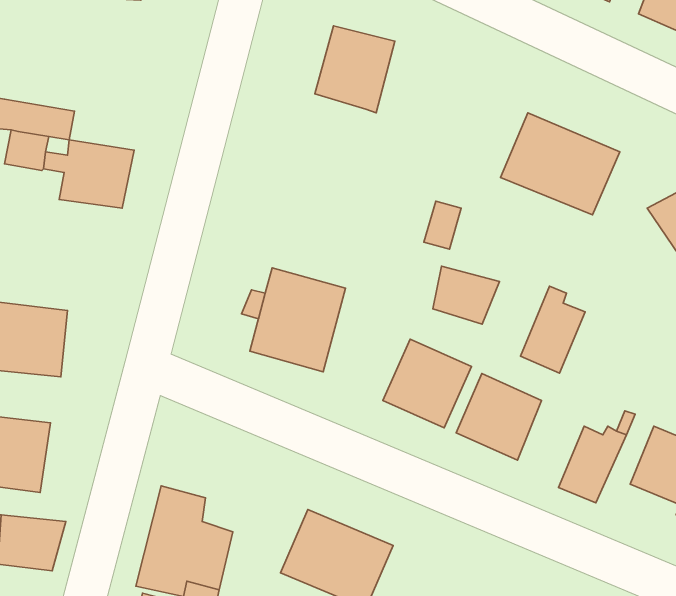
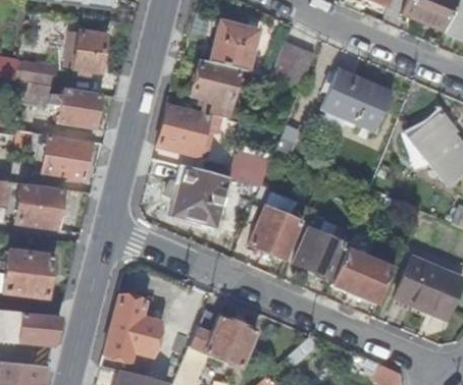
building: none -> [73,32,108,73]
building: none -> [270,43,315,87]
building: none -> [192,58,241,108]
building: none -> [158,102,209,154]
building: none -> [31,132,90,183]
building: [433,266,499,324] -> [233,151,272,185]
building: [520,286,585,373] -> [332,243,371,295]

